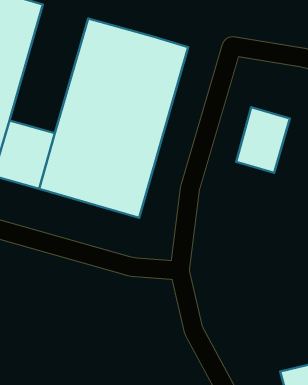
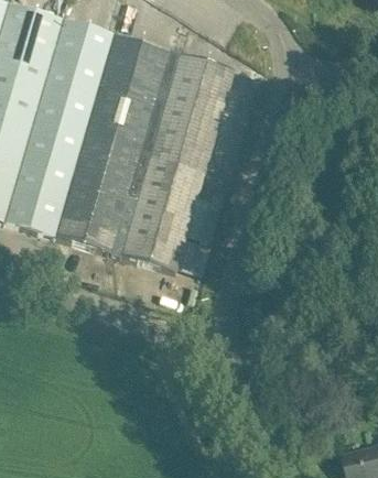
building: none -> [19,17,112,170]
building: [236,107,290,173] -> none

